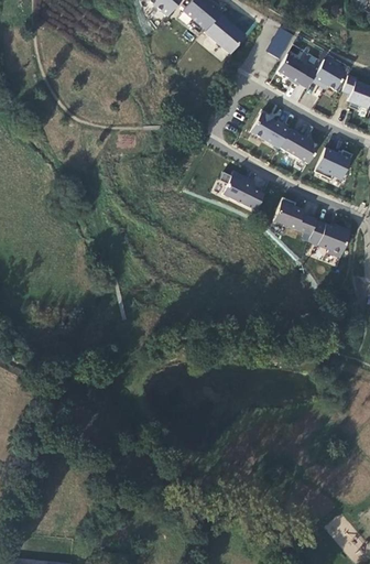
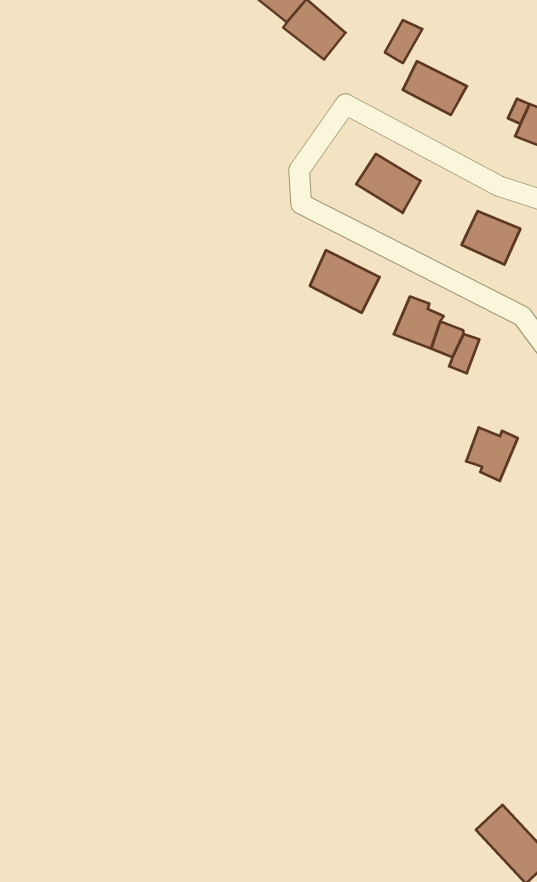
building: [314,58,345,87] -> none
building: [280,124,320,162] -> none
building: [318,225,350,258] -> [466,427,518,481]

